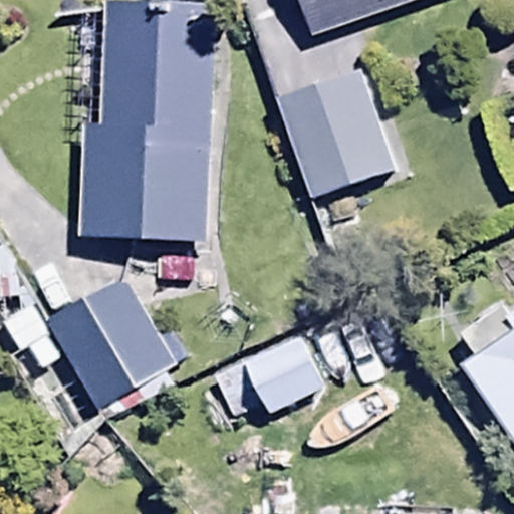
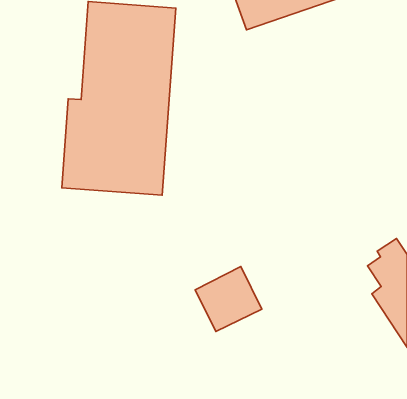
building: [274,69,397,200] -> none
building: [47,275,175,407] -> none

